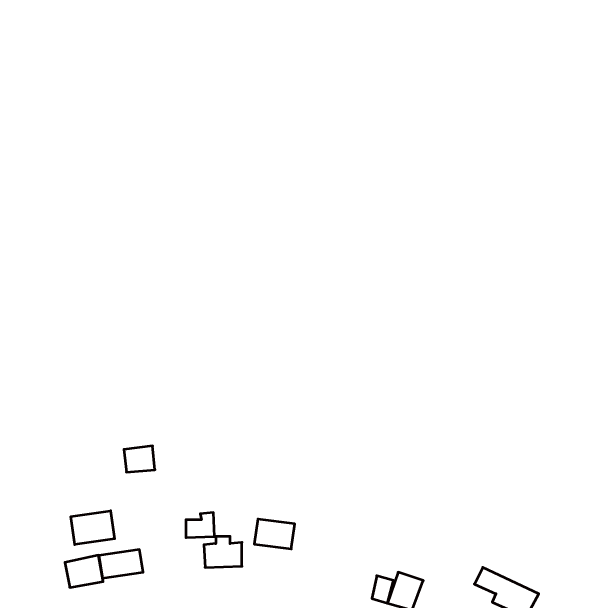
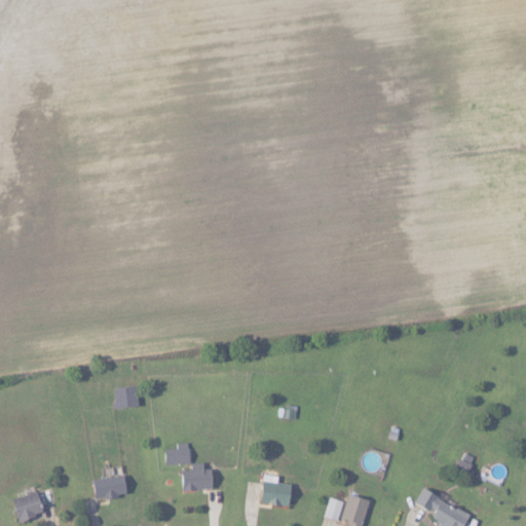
building: [71,511,115,545] -> none
building: [254,519,295,549] -> [259,481,294,506]
building: [65,555,103,587] -> [13,492,46,520]

